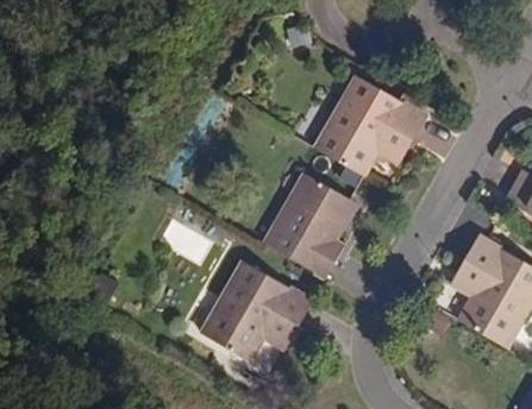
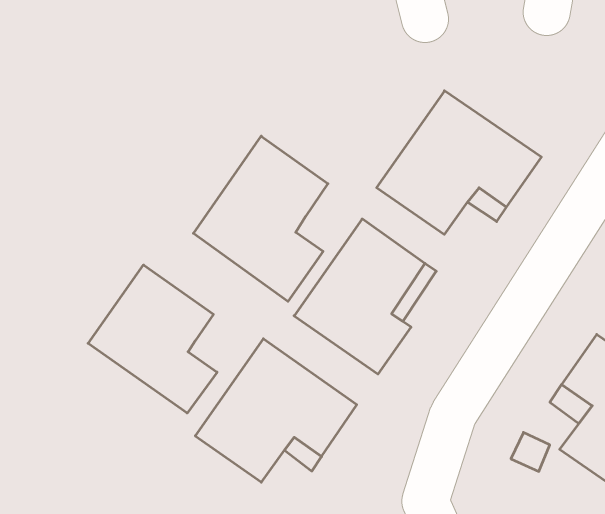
building: none -> [193,136,328,301]
building: none -> [88,265,217,413]

